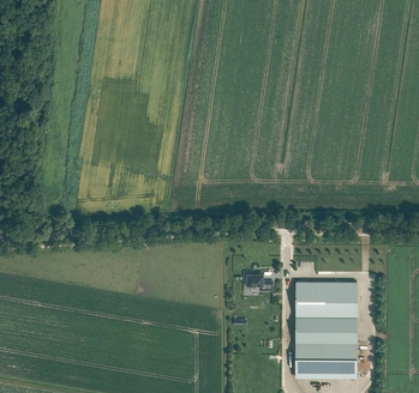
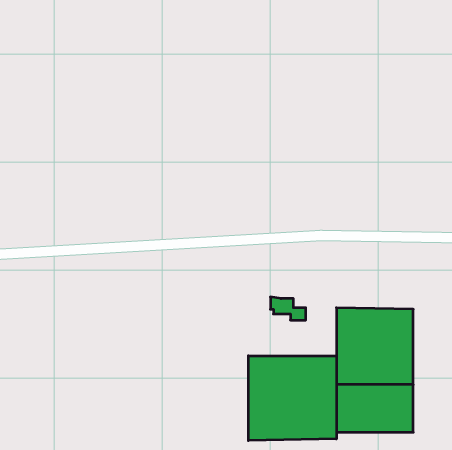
building: none -> [248,356,336,441]

